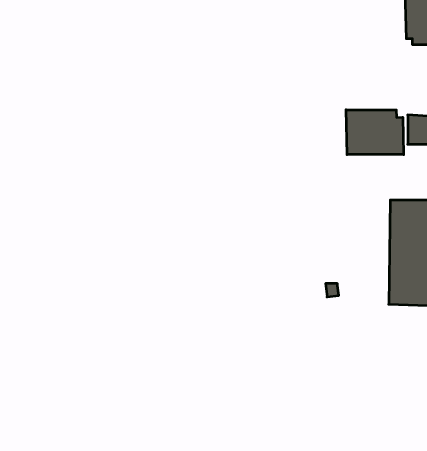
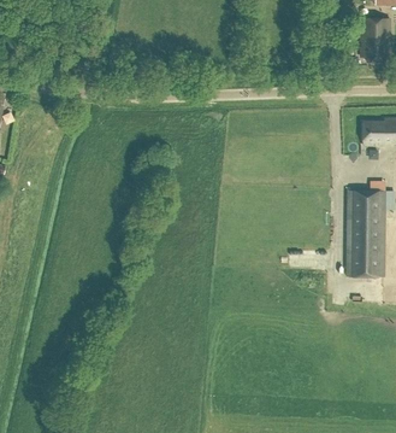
building: [346,110,404,155] -> none

